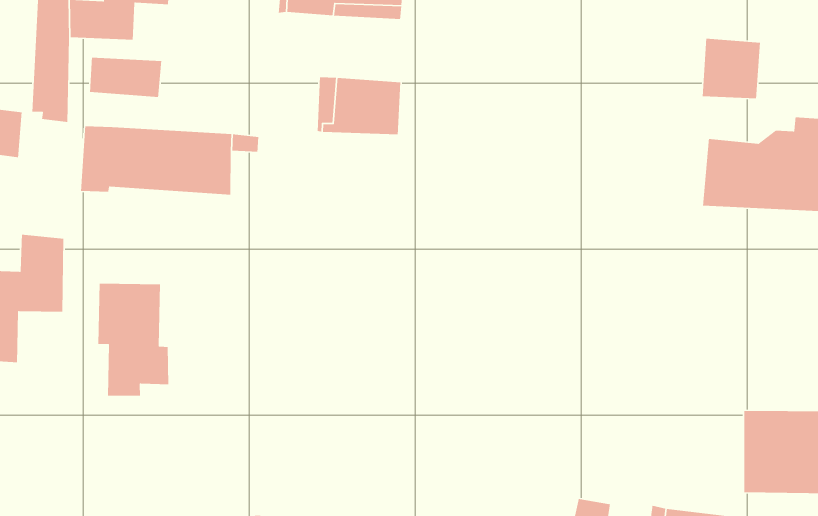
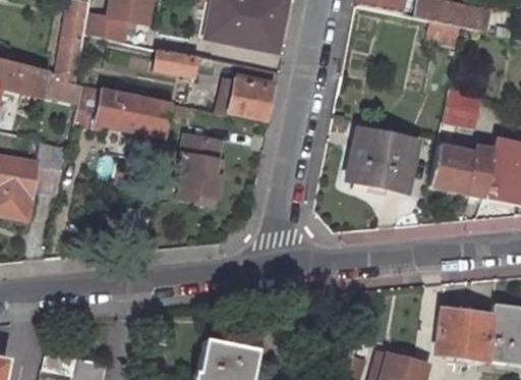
building: [89,57,162,98] -> [153,48,197,77]
building: none -> [344,124,412,191]
building: [98,283,169,396] -> [178,134,220,204]

